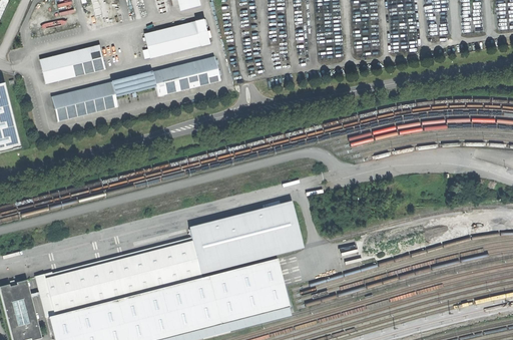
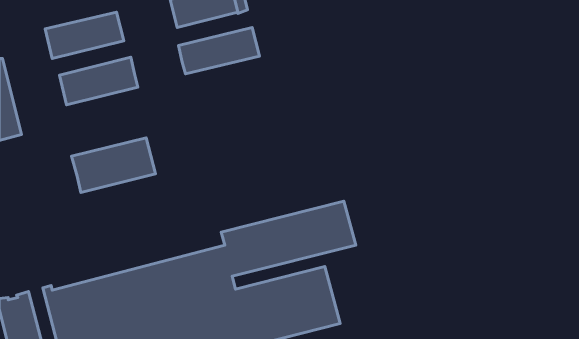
building: [112,71,155,95] -> none
building: none -> [72,138,155,192]

